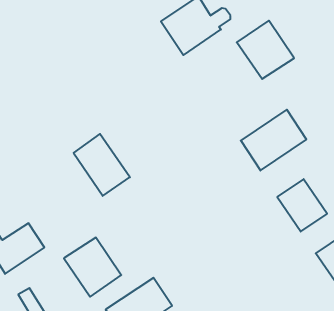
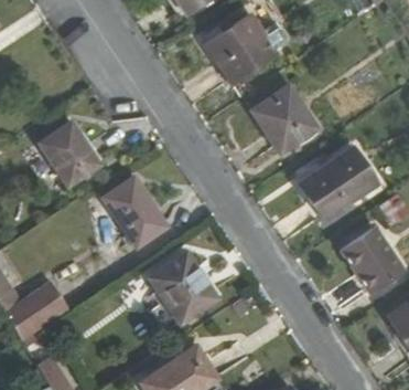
building: [237,21,294,79] -> [250,84,317,152]
building: none -> [39,122,99,186]
building: [64,238,121,297] -> [149,253,216,323]

